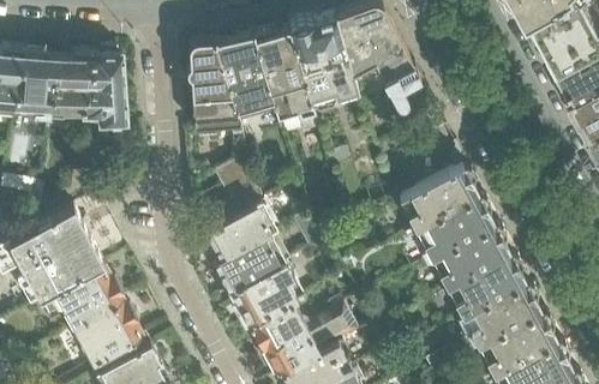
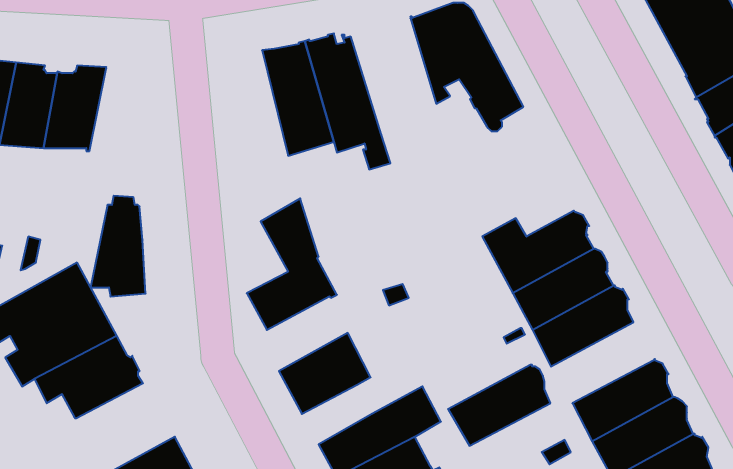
building: [287,14,357,109] -> none
building: [187,38,238,143] -> none
building: [82,47,125,126] -> [91,196,146,297]
building: [215,233,284,292] -> none
building: [444,253,525,317] -> [448,365,550,446]
building: [71,301,142,364] -> none
building: [248,302,304,349] -> none

